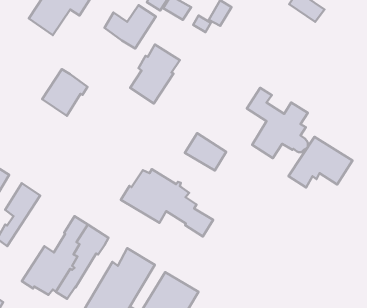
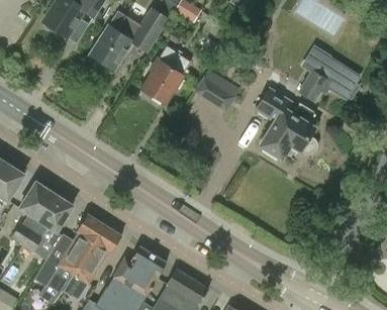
building: [42,69,88,116] -> [89,25,133,71]
building: [185,133,226,170] -> [194,72,234,108]
building: [289,137,353,188] -> [298,53,361,102]
building: [121,169,213,236] -> none
building: none -> [21,194,72,250]

